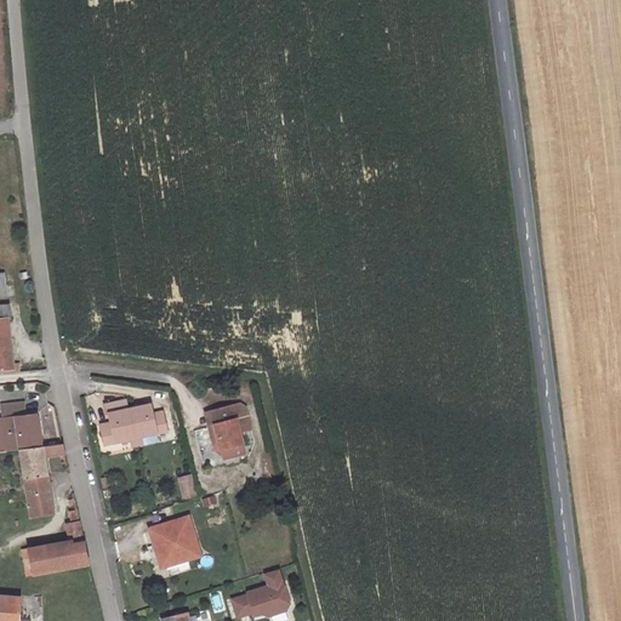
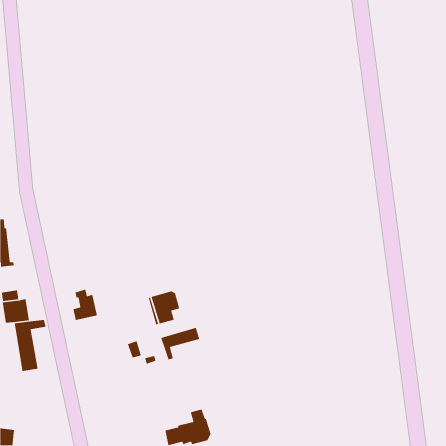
building: [129,404,166,438] -> none
building: none -> [160,327,200,360]
building: [23,511,89,576] -> none
building: [147,515,199,568] -> none

